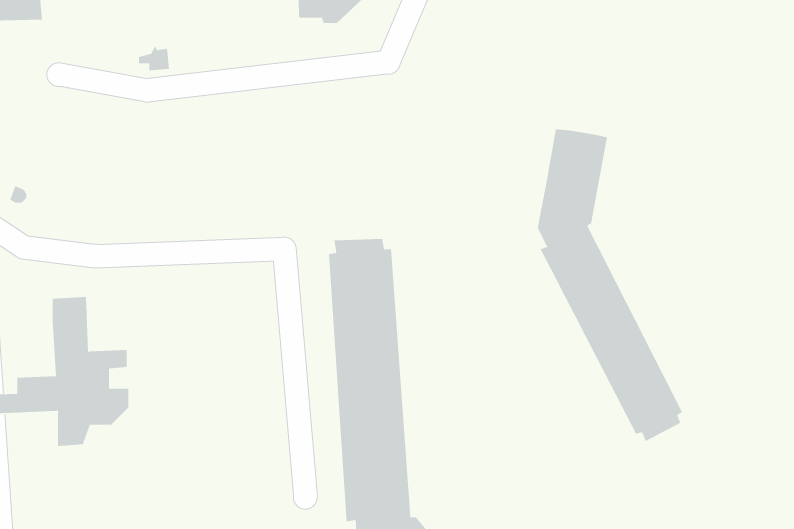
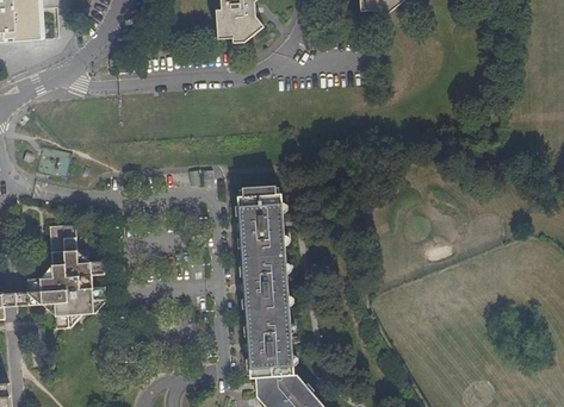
building: [537,129,683,442] -> none

